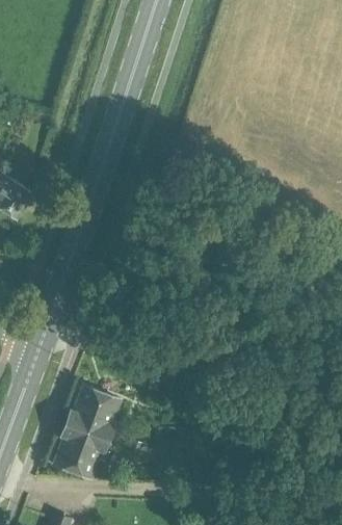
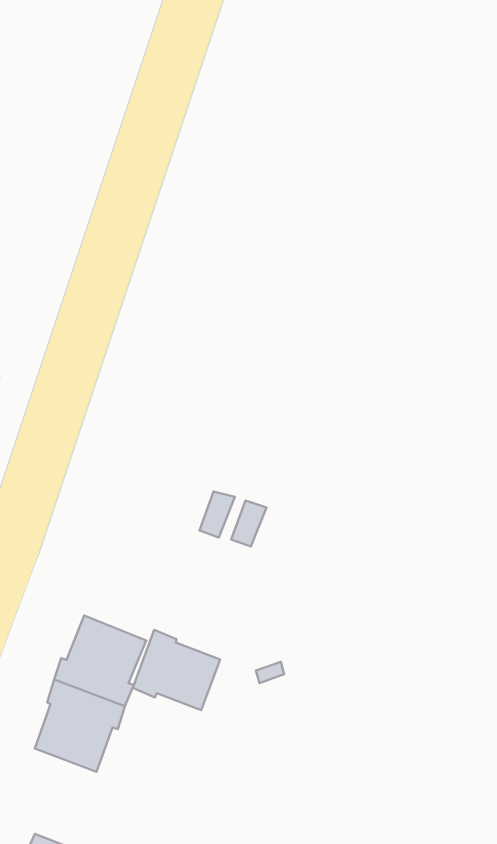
building: none -> [133,630,220,710]

